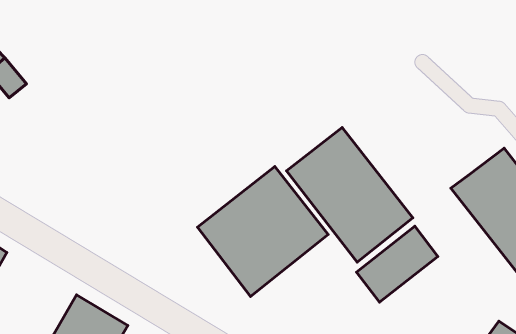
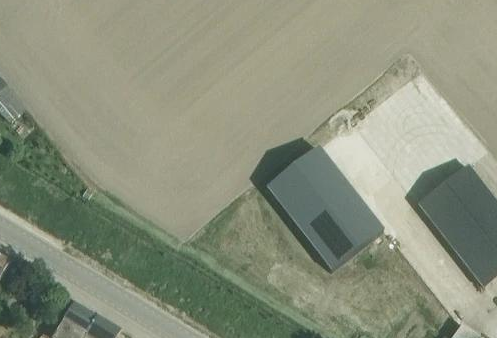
building: [197,166,328,296] -> none
building: [356,226,438,302] -> none

